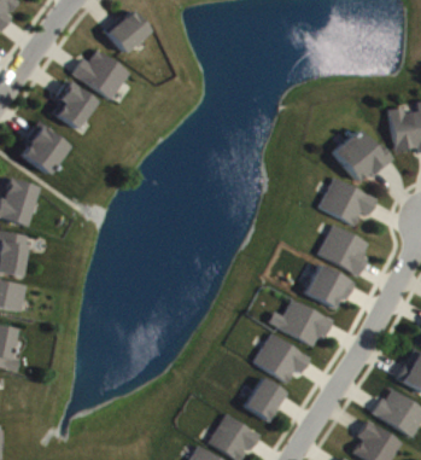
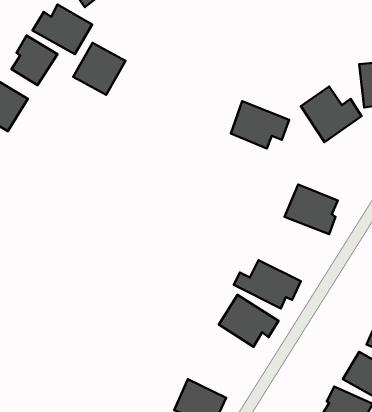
building: none -> [73,43,126,95]
building: [318,179,375,225] -> [231,101,289,148]
building: [303,264,353,309] -> none
building: [242,378,287,423] -> none

